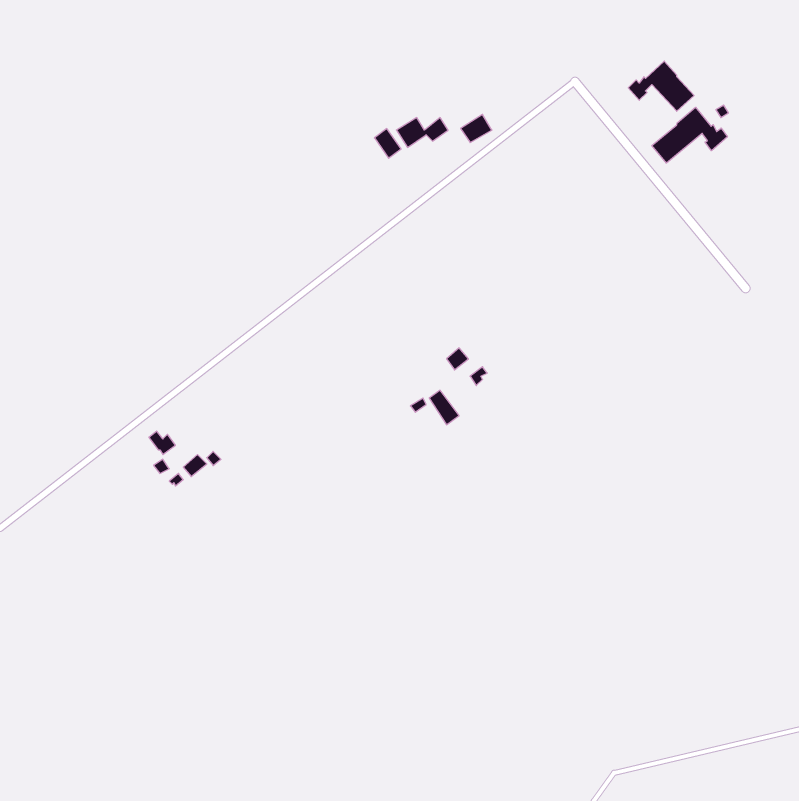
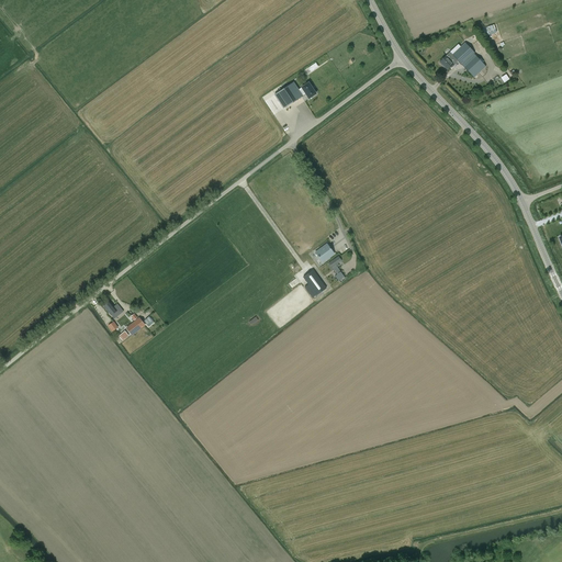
building: [652,107,727,163] -> none

